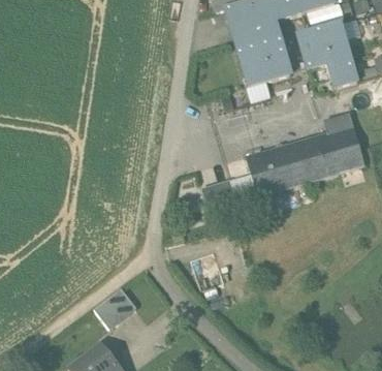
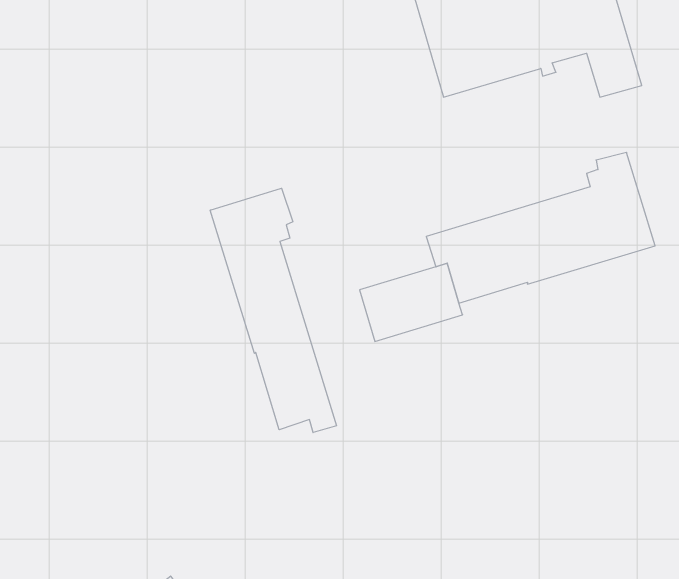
building: none -> [210,188,336,433]
building: [95,286,138,328] -> none

